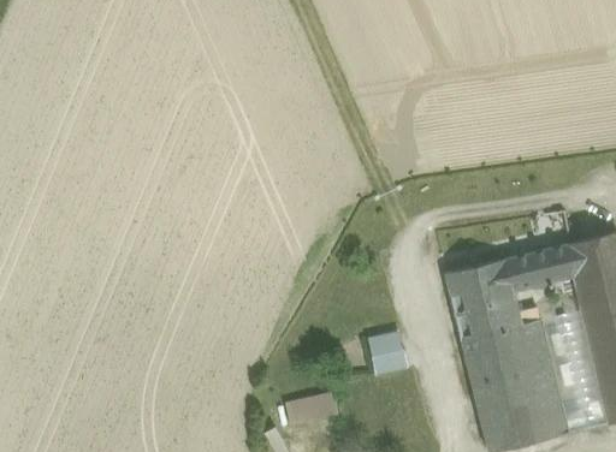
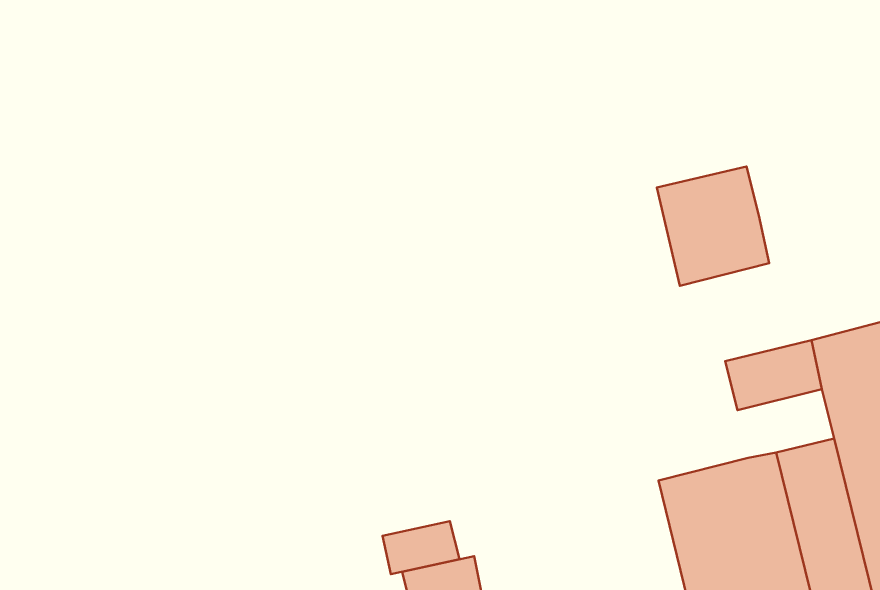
building: [445,258,522,340] -> [657,166,769,286]
building: [368,332,408,375] -> none
building: none -> [382,521,459,574]

